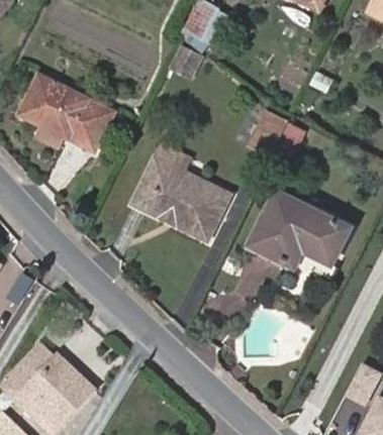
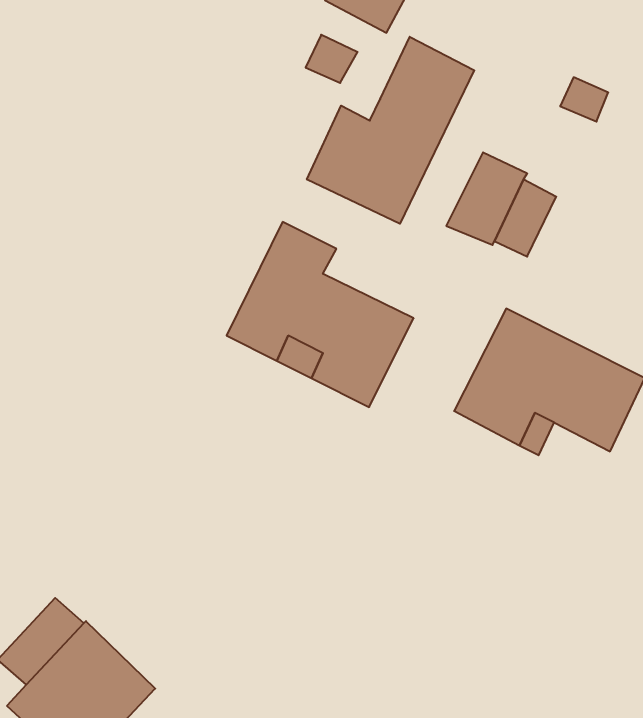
building: none -> [307,37,474,224]
building: [20,76,112,150] -> none

